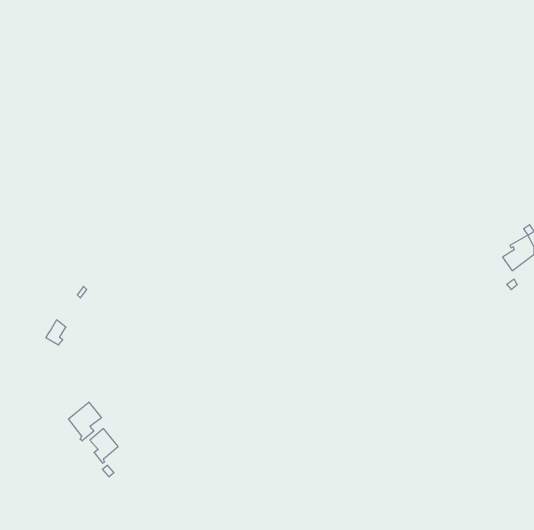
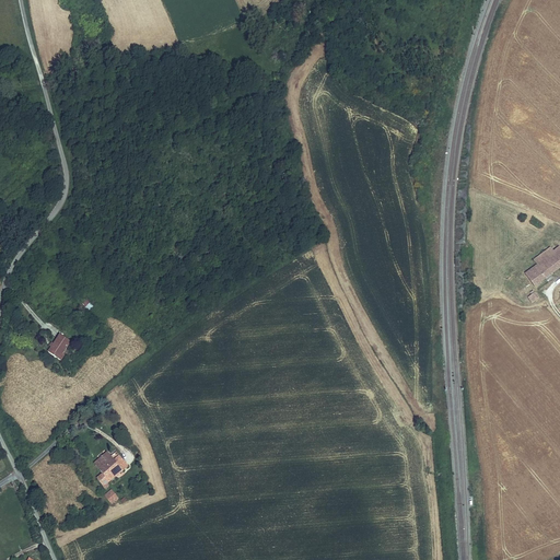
building: [68,402,101,441] -> none

